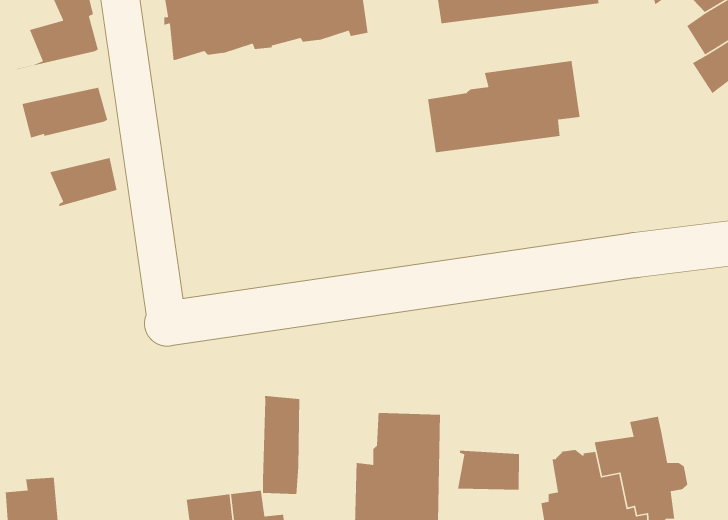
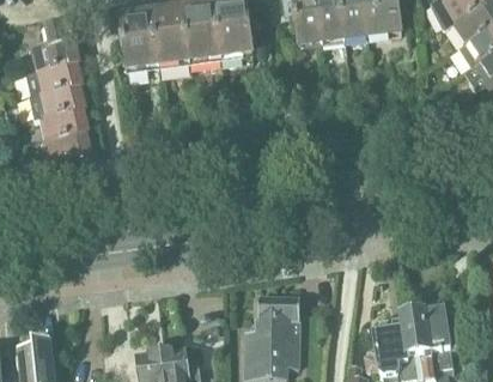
building: none -> [24,62,80,96]
building: [427,60,581,153] -> none
building: none -> [42,108,87,140]
building: [262,395,300,495] -> none
building: [457,450,520,491] -> none

